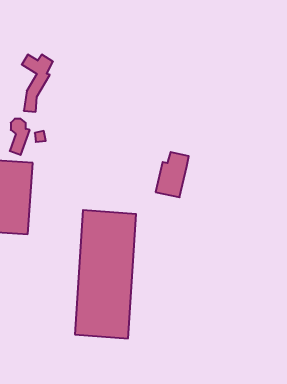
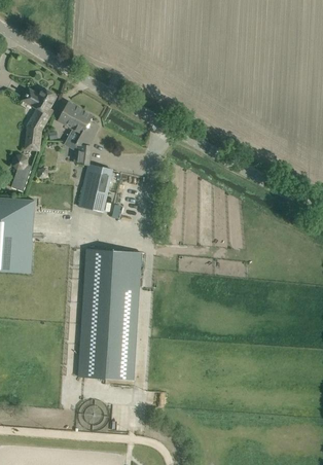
building: none -> [59,102,100,164]
building: [156,152,189,197] -> [78,165,112,211]

